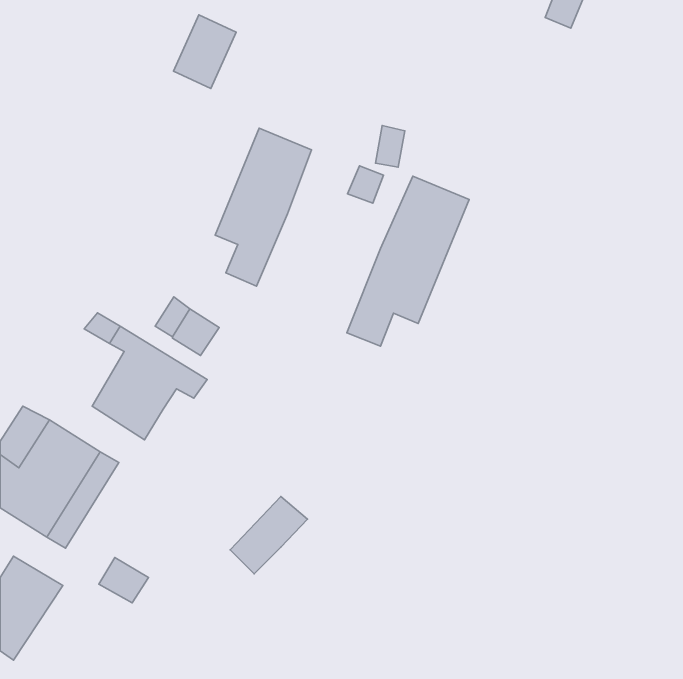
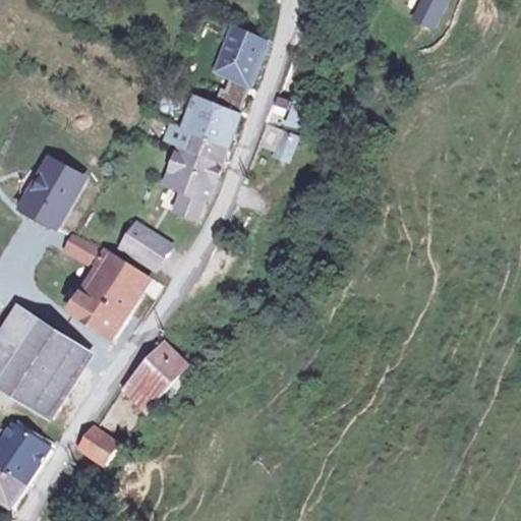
building: [173,15,236,88] -> [216,31,264,86]
building: [347,176,469,346] -> none
building: none -> [12,147,85,222]
building: [230,496,308,574] -> [125,346,184,405]

